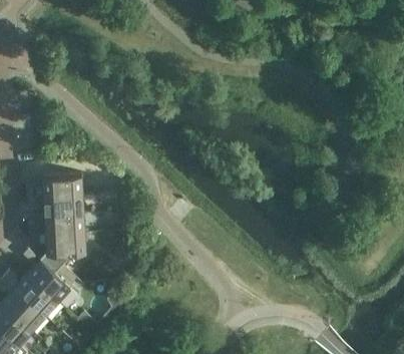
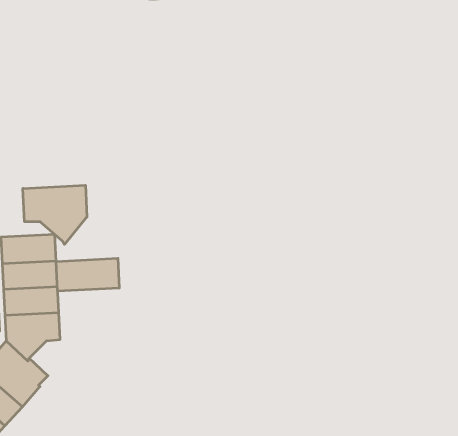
building: none -> [23,185,87,244]
building: none -> [56,258,119,291]

